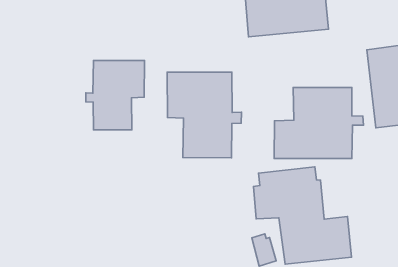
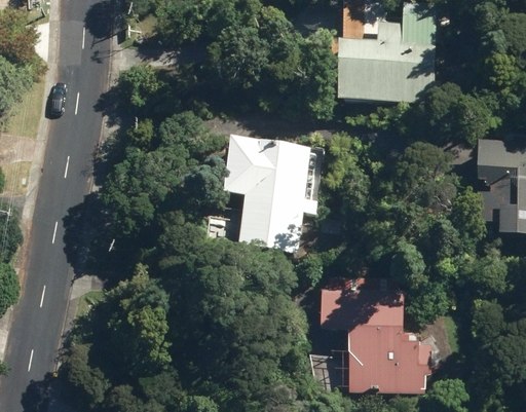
building: [86,60,144,130] -> none
building: [274,87,363,158] -> none

